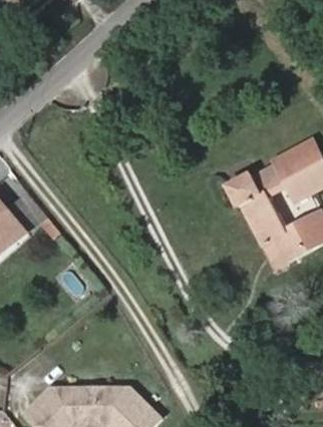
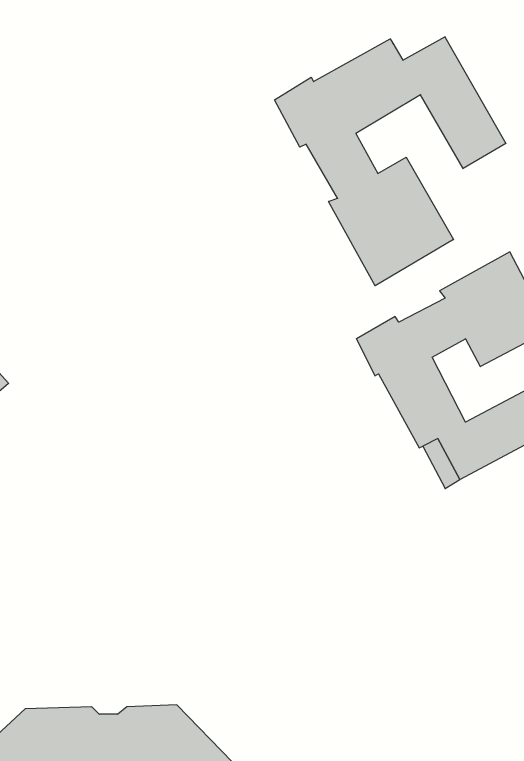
building: none -> [275,37,506,286]

